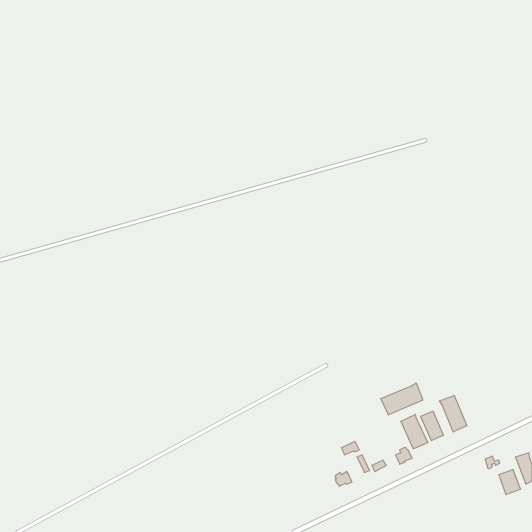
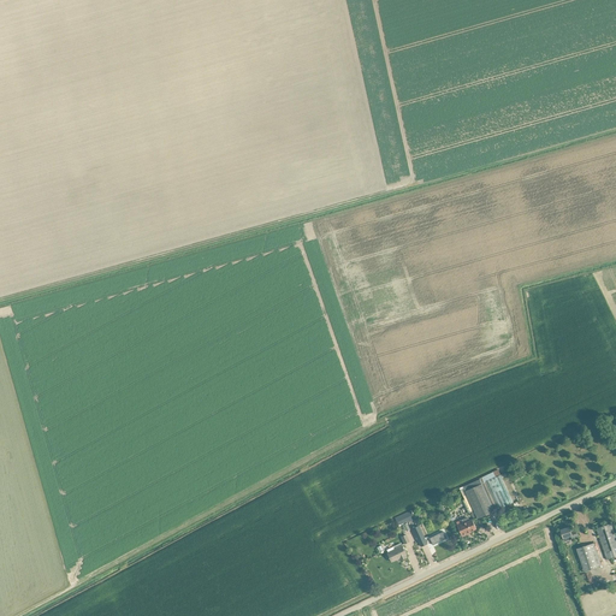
building: [381,383,423,415] -> none
building: [440,395,467,432] -> none

